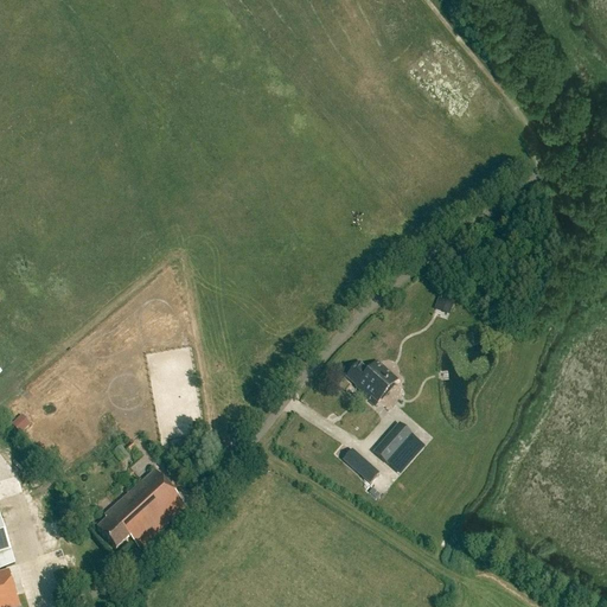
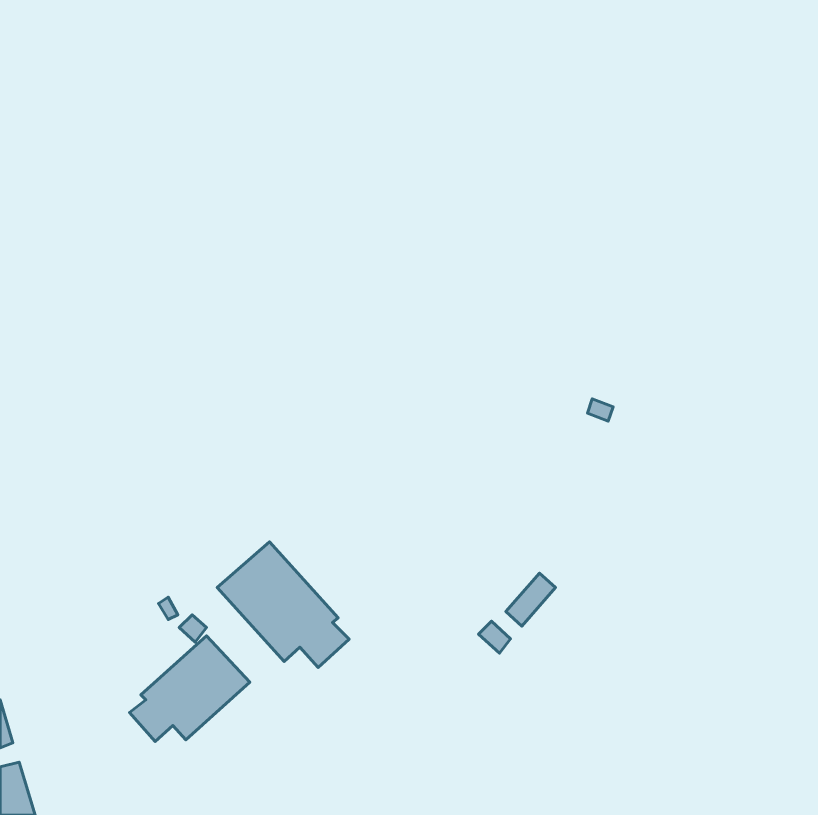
building: [346,362,397,402] -> none
building: none -> [217,542,349,668]

